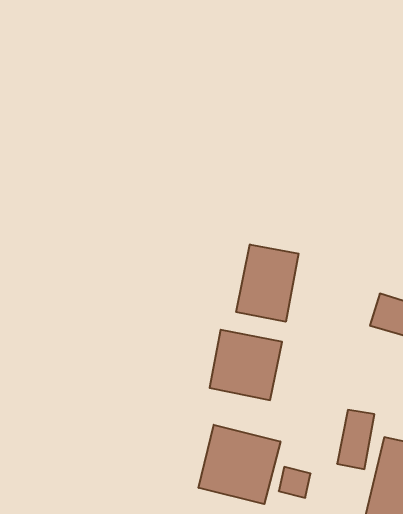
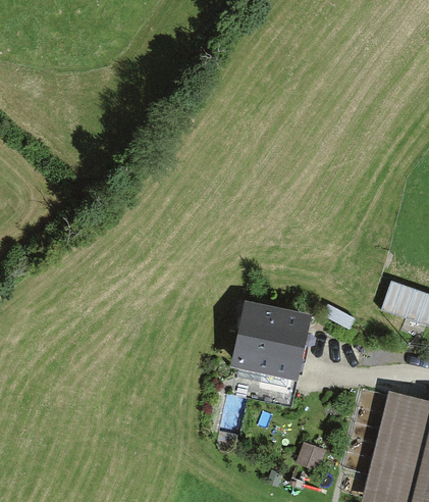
building: [236,244,299,322] -> none
building: [199,425,280,504] -> none

